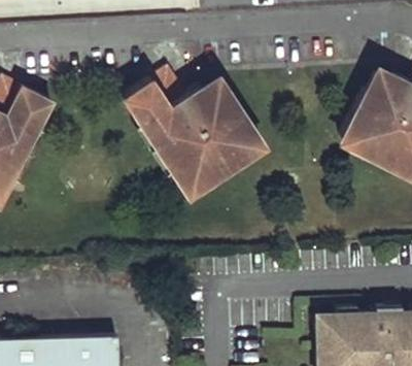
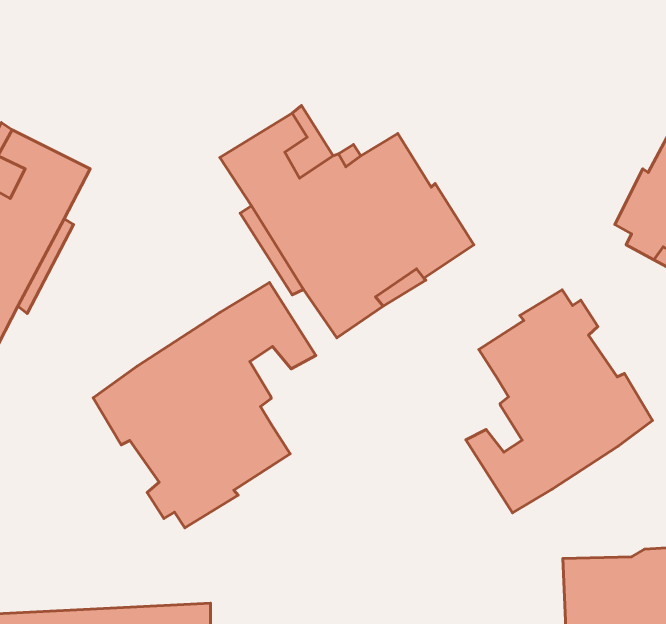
building: none -> [93,282,316,528]
building: none -> [466,290,653,513]

